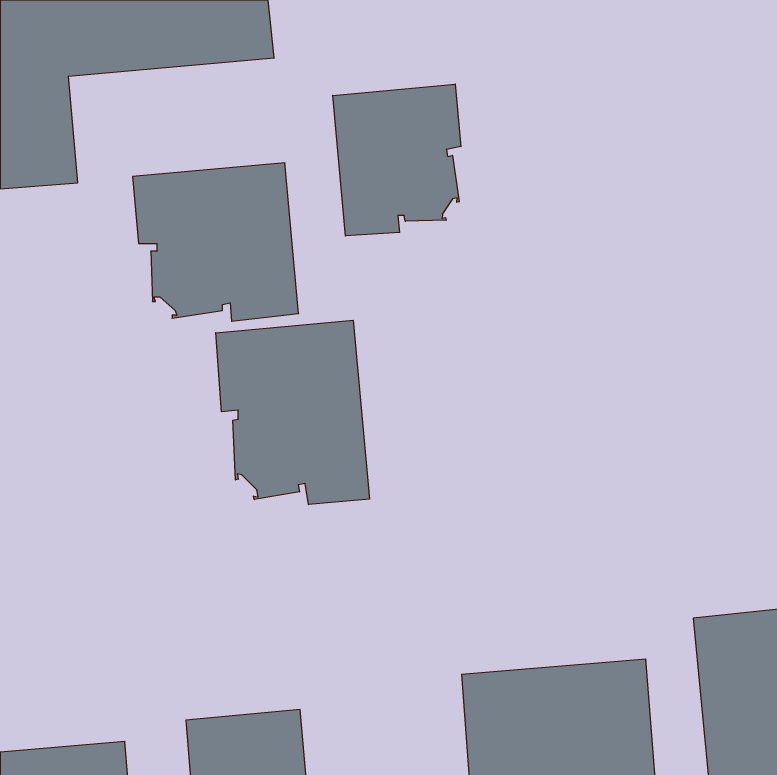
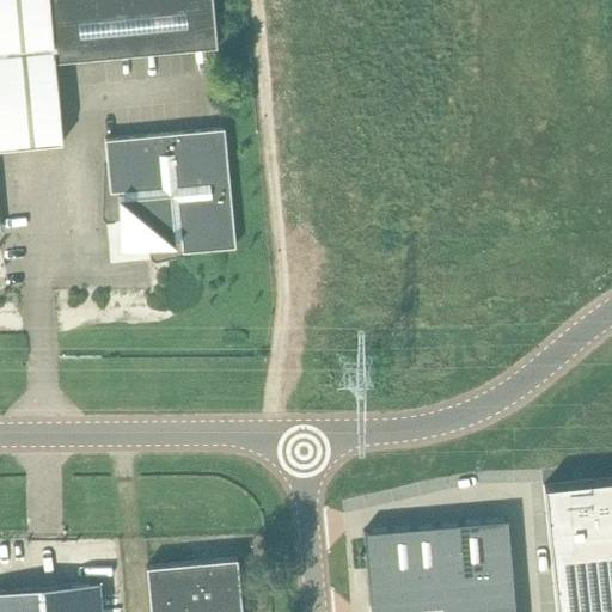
building: [333,84,461,236] -> none
building: [216,320,370,505] -> none

